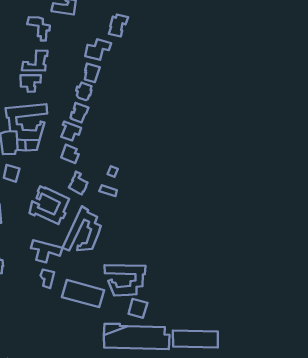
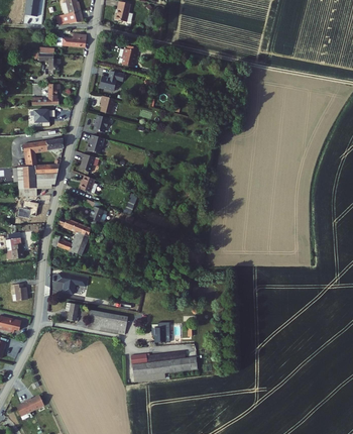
building: [62,206,101,251] -> none
building: [105,265,146,296] -> none
building: [173,331,218,348] -> none

